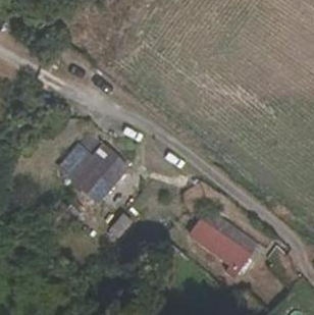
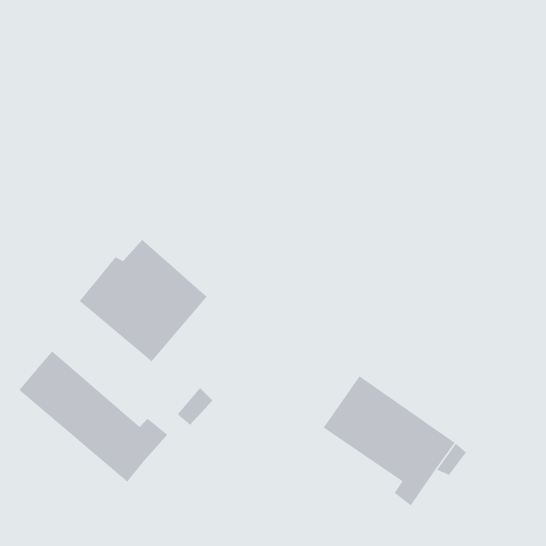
building: none -> [19,350,168,483]

